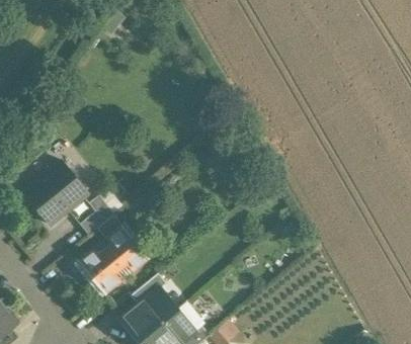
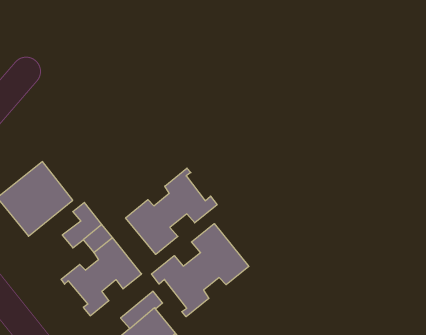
building: none -> [126,168,217,254]
building: none -> [151,224,249,317]

